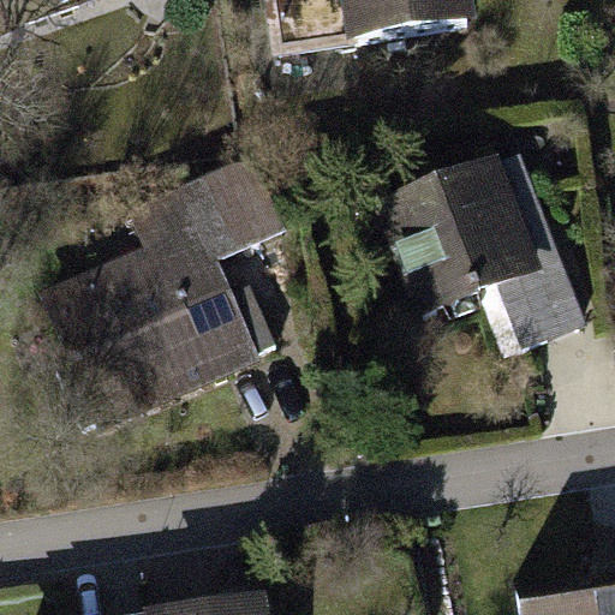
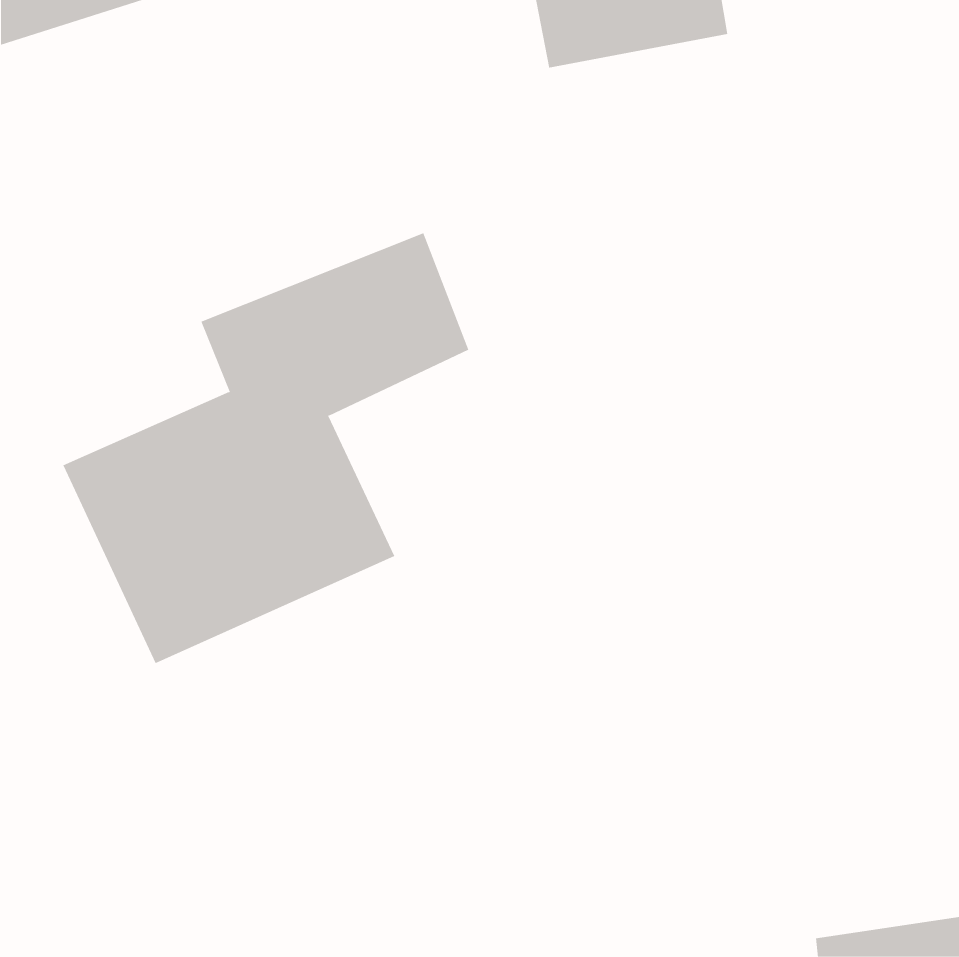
building: [372,153,586,351] -> none

